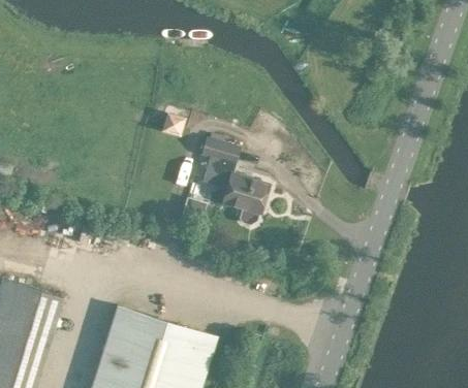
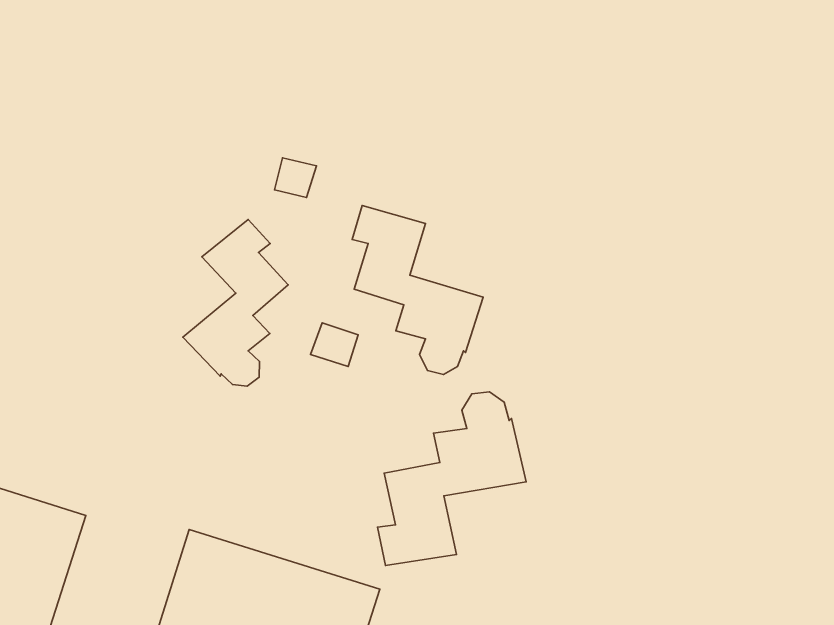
building: none -> [183,220,288,386]
building: none -> [378,392,526,565]

